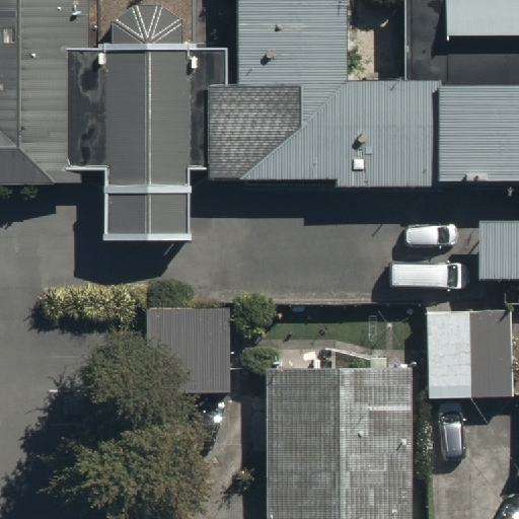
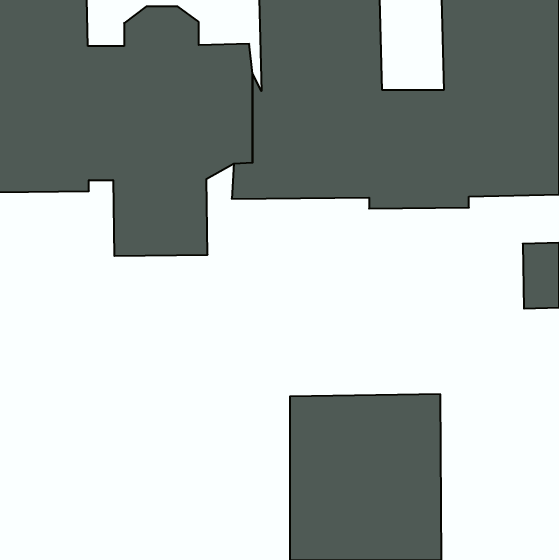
building: [148,310,229,391] -> none
building: [429,311,511,394] -> none

